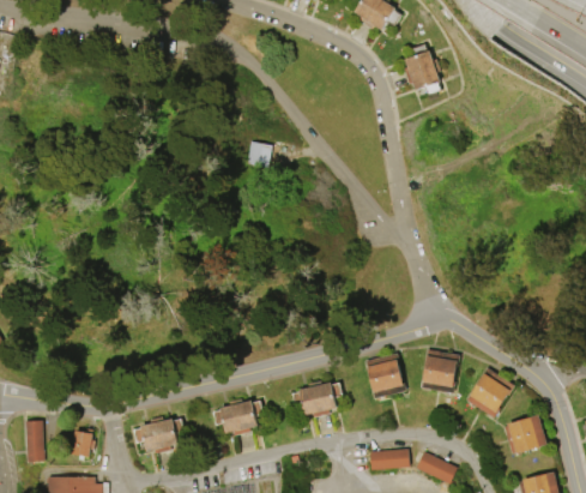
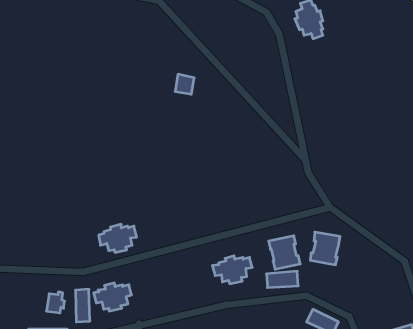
building: [466,367,515,419] -> none
building: [213,398,264,435] -> [99,224,137,252]
building: [505,415,548,455] -> none
building: [25,419,44,462] -> [75,289,90,322]
building: [369,449,411,470] -> [266,271,298,288]

